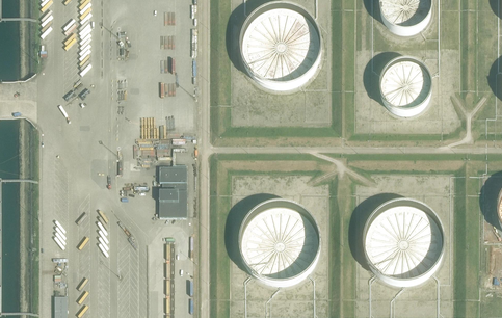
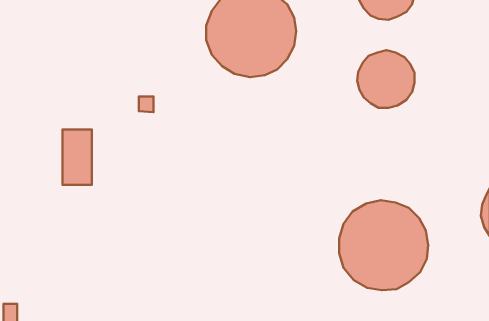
building: [158,164,185,215] -> [63,129,92,185]
building: [238,201,321,284] -> none

